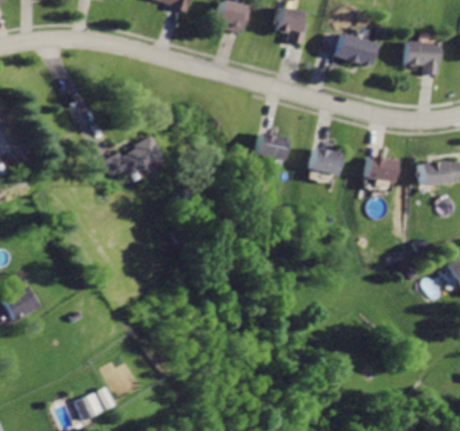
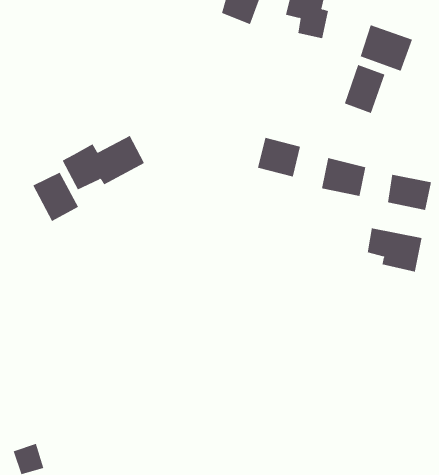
building: none -> [344,64,385,114]
building: none -> [32,172,79,222]
building: none -> [367,228,422,272]

